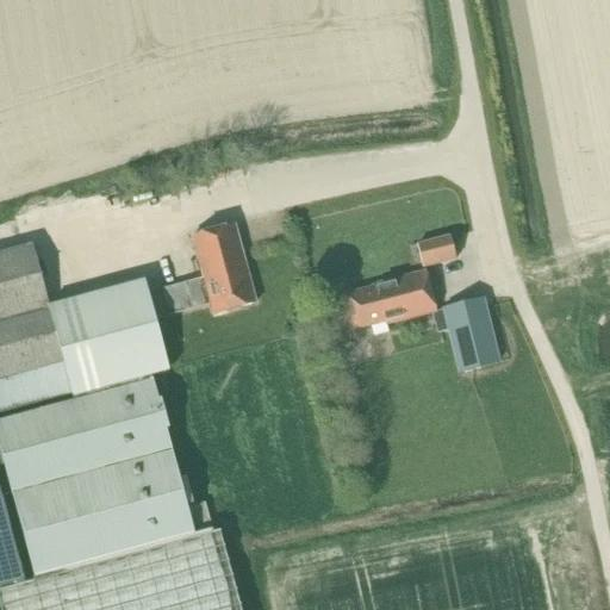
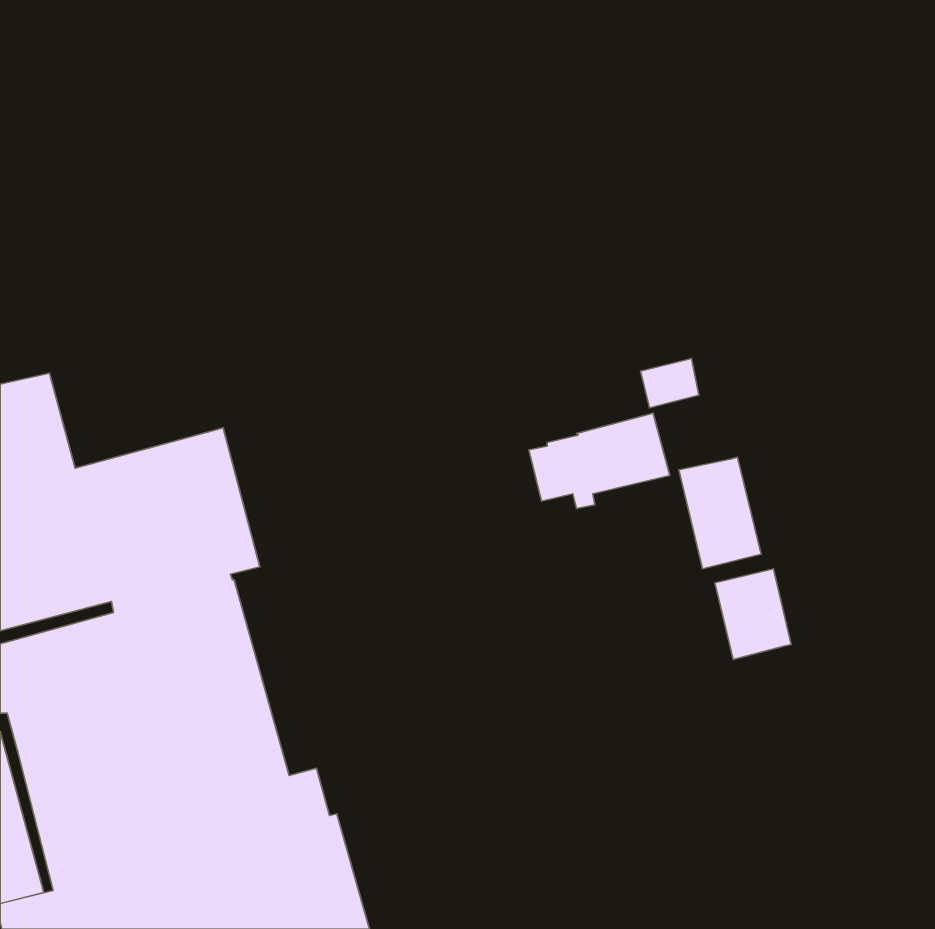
building: [162,223,255,313] -> none
building: none -> [715,569,791,659]

